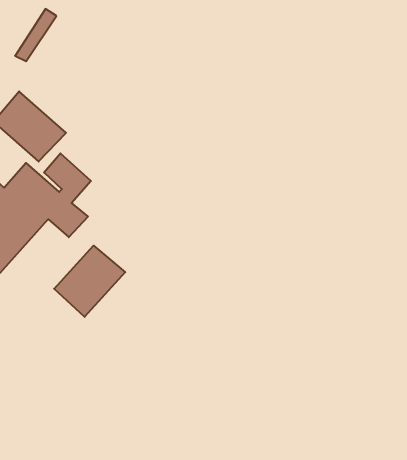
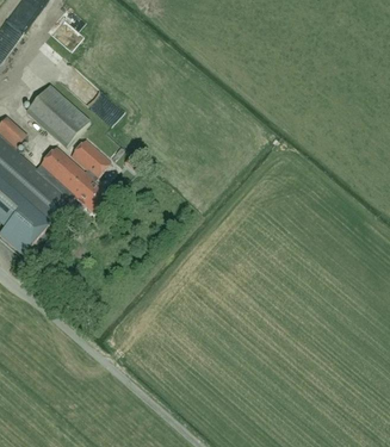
building: [54,246,125,317] -> none

